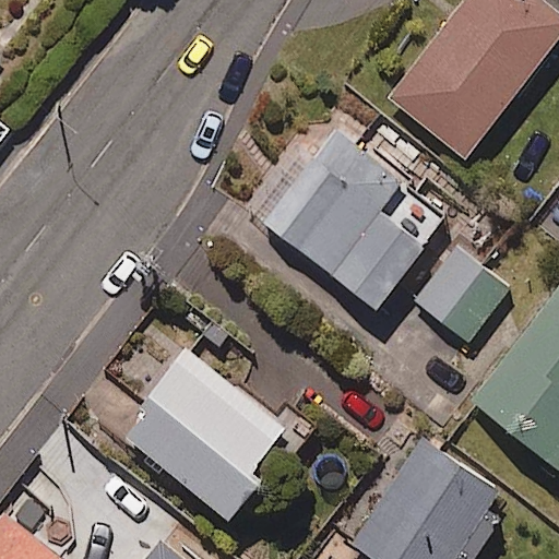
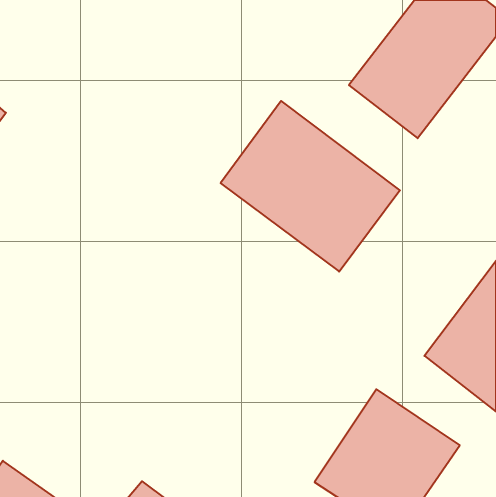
building: [419,252,509,342] -> none
building: [122,342,318,523] -> none

